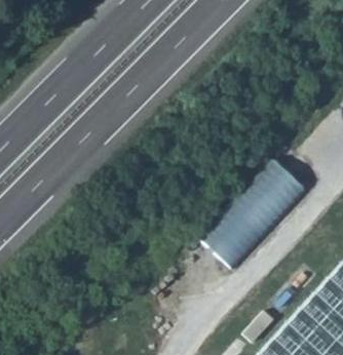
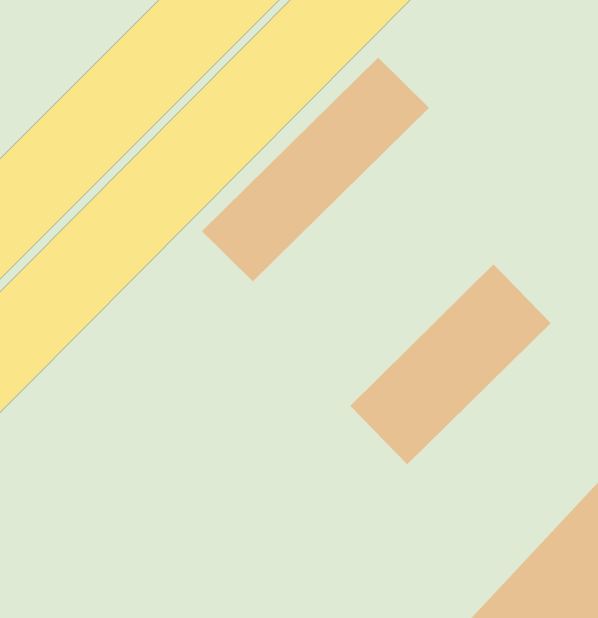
building: none -> [201,57,430,282]

